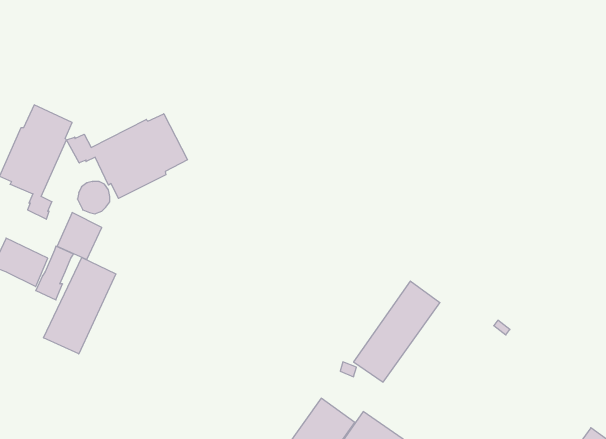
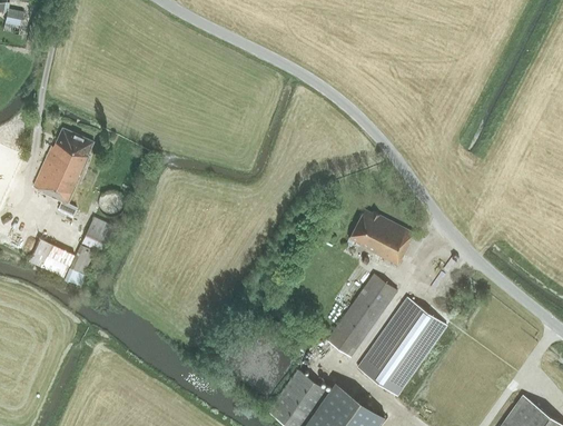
building: [67,114,187,198] -> none
building: none -> [349,210,413,266]
building: [44,257,116,354] -> none
building: none -> [357,298,446,396]

